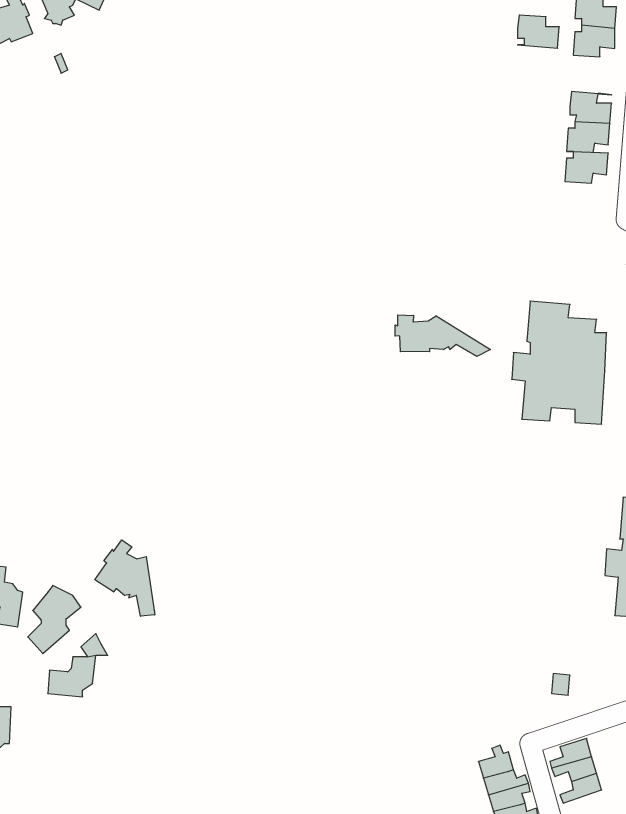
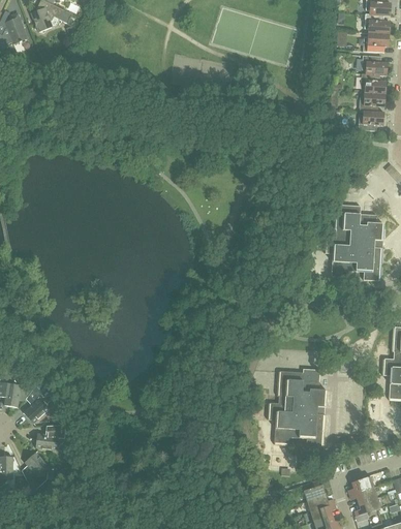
building: [518,15,559,48] -> [362,55,388,75]
building: [395,315,490,356] -> none
building: [95,540,155,616] -> none
building: none -> [268,368,327,446]
building: none -> [25,452,51,492]

